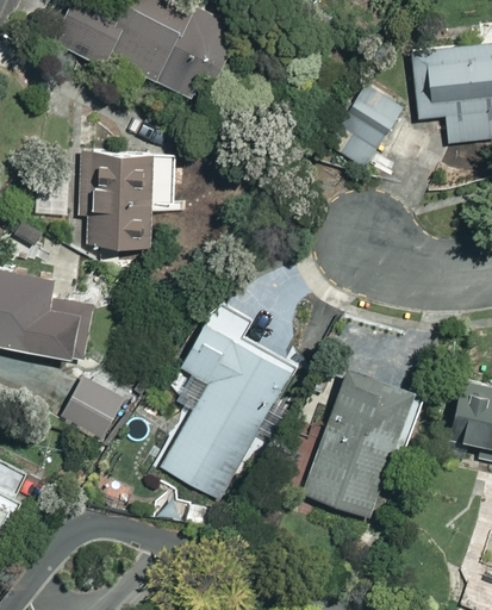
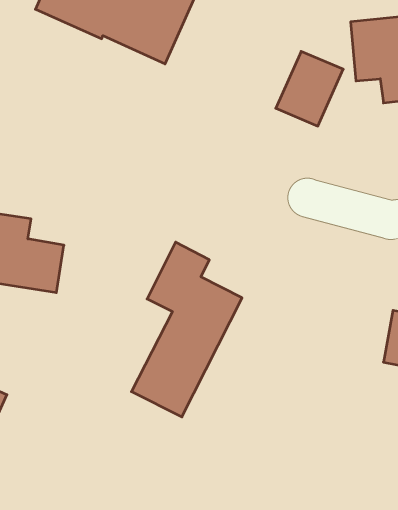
building: [76,154,175,245] -> none
building: [304,372,411,518] -> none
building: [60,379,122,443] -> none

